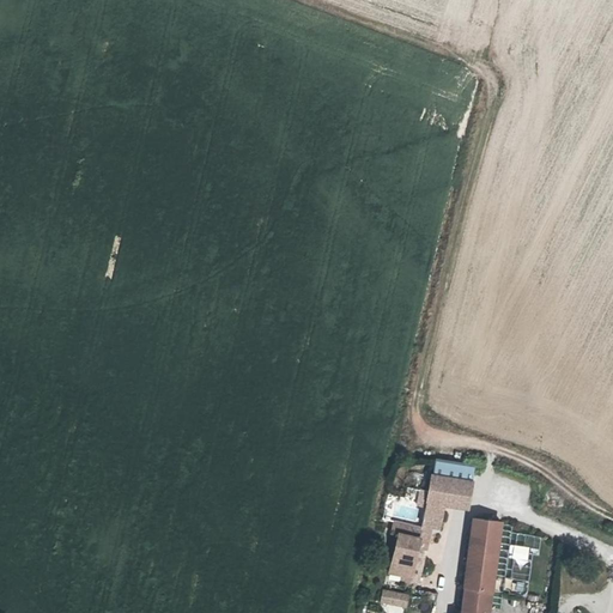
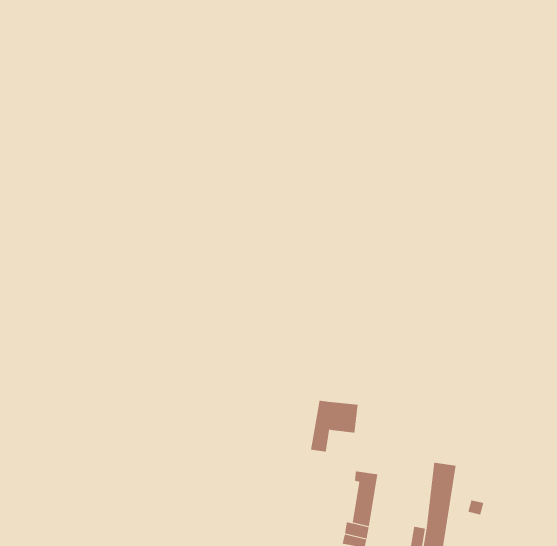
building: [419,474,472,530] -> [310,400,359,452]

